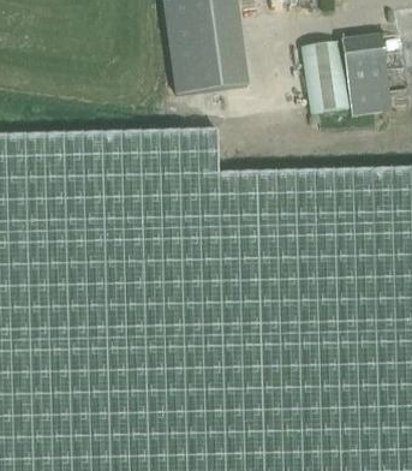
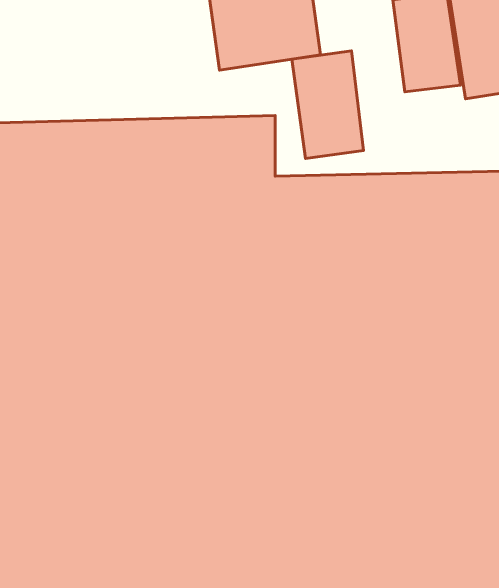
building: none -> [292,51,364,158]

